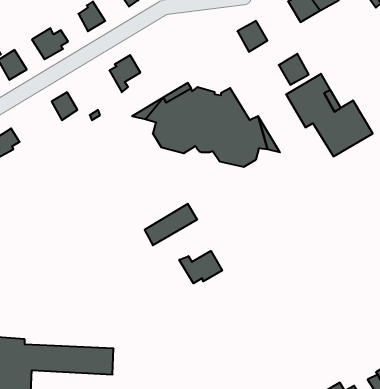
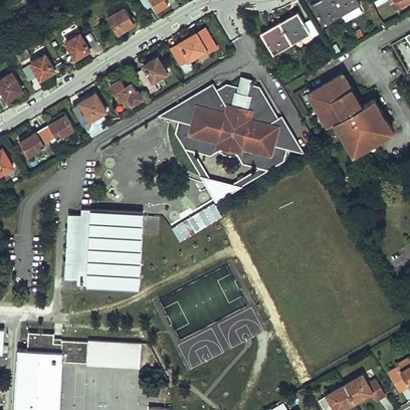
building: none -> [169,28,213,69]
building: [279,54,309,85] -> [279,15,309,45]
building: none -> [111,80,143,108]
building: none -> [41,115,73,144]
building: none -> [65,210,141,290]
building: [179,251,222,283] -> none

